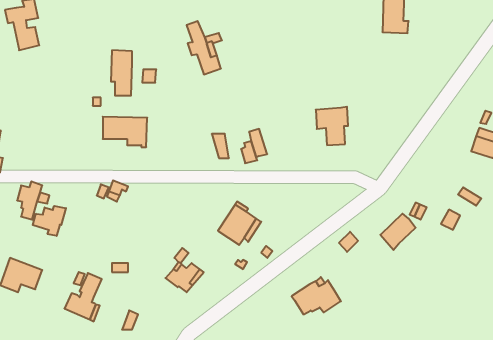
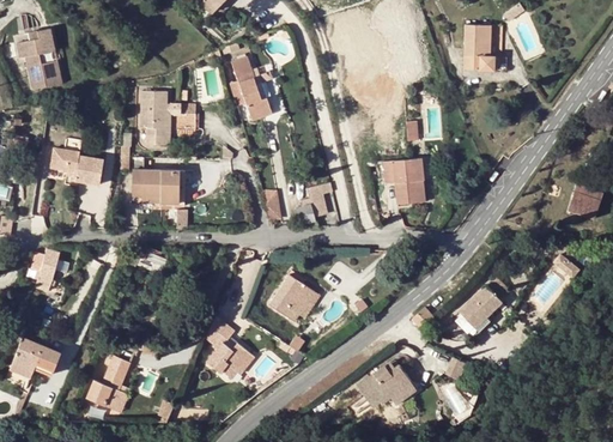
building: none -> [50,149,103,186]
building: [33,206,66,236] -> none

